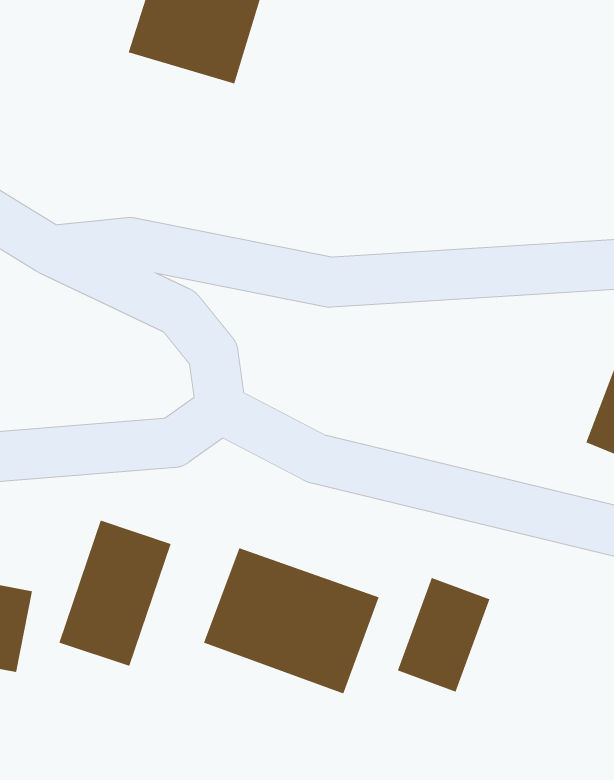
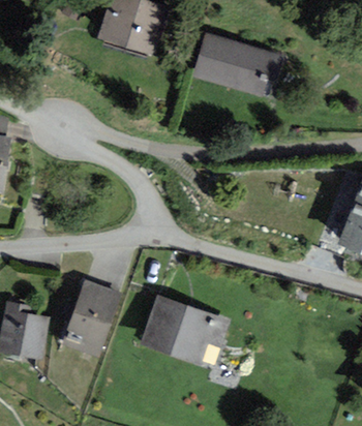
building: none -> [191,33,283,99]
building: [397,577,490,693] -> none

